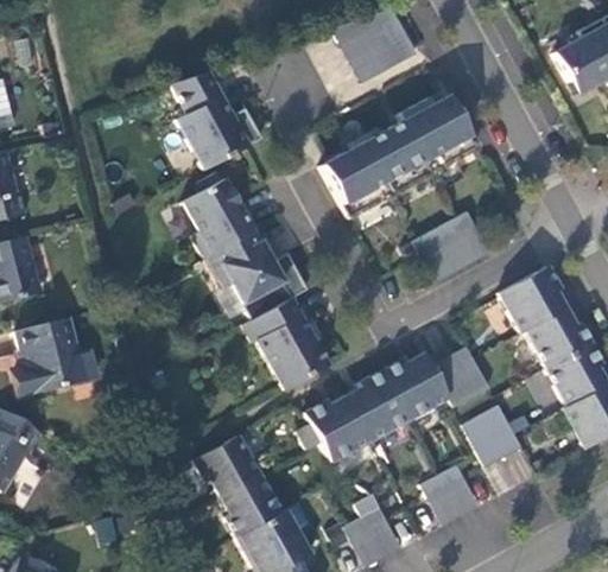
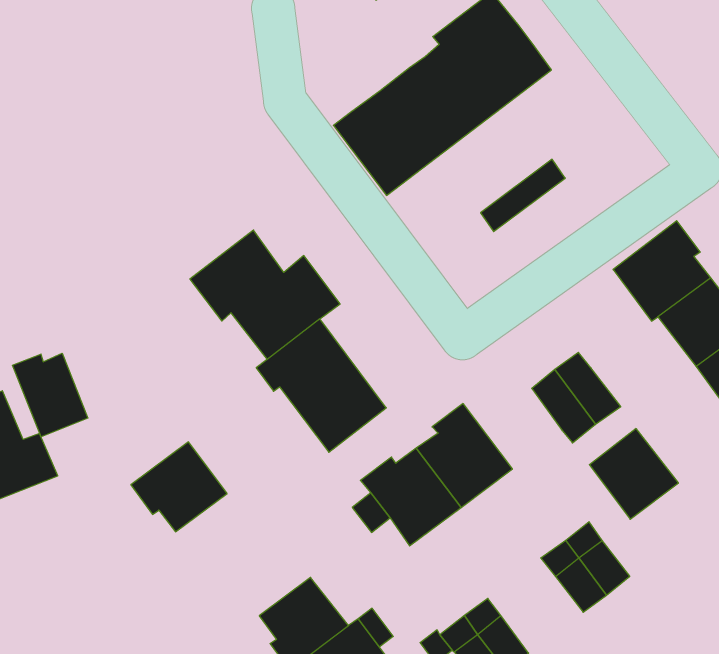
building: [171,71,261,170] -> none
building: [182,178,254,256] -> none
building: [419,224,489,281] -> none
building: none -> [13,353,88,437]
building: [381,352,446,419] -> none
building: [194,434,259,495] -> [131,442,227,532]

